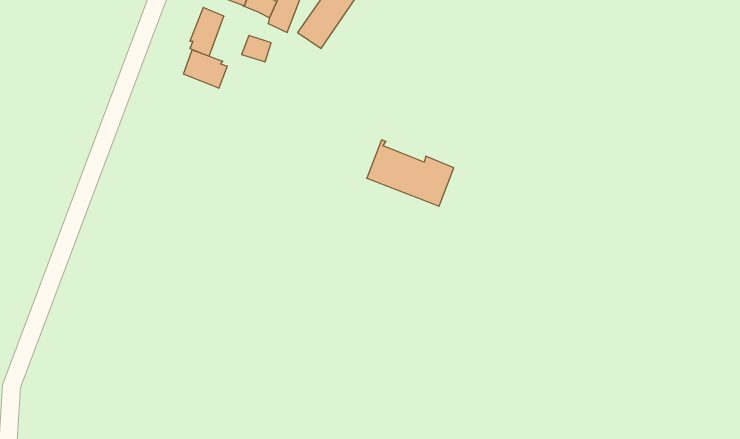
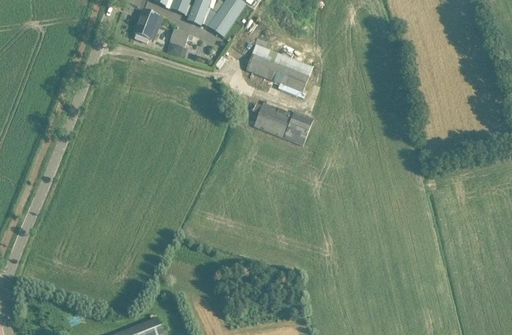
building: [184,50,227,88] -> none
building: none -> [246,44,312,91]

